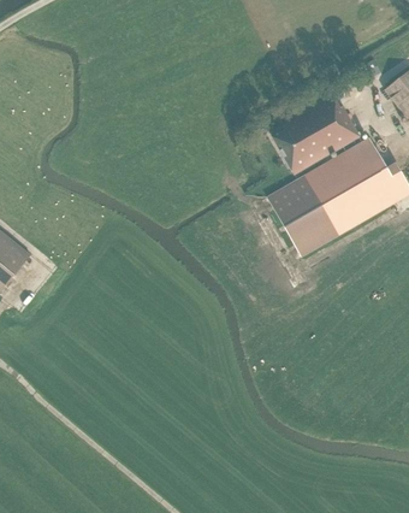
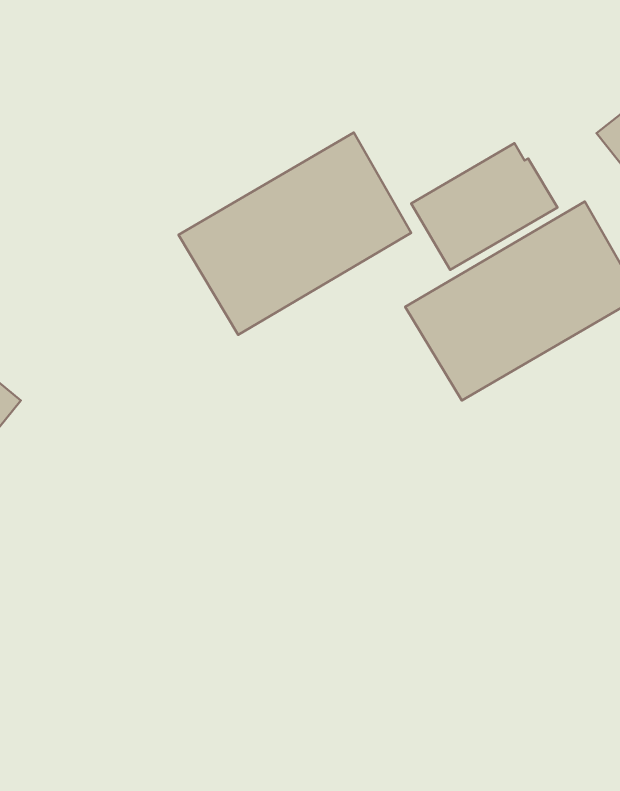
building: none -> [178,132,411,335]

